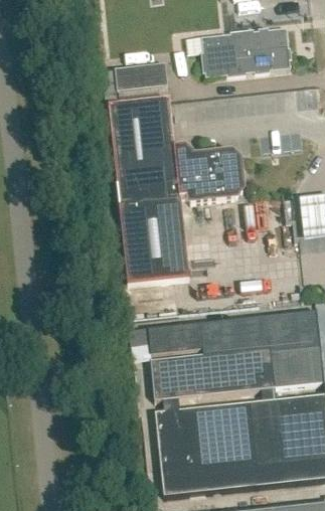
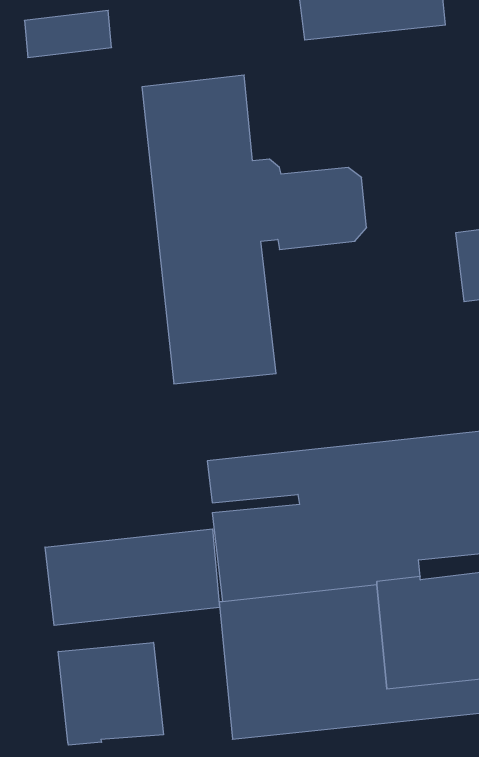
building: [116,61,168,90] -> [24,10,112,57]
building: none -> [45,529,220,625]
building: none -> [58,642,163,745]

